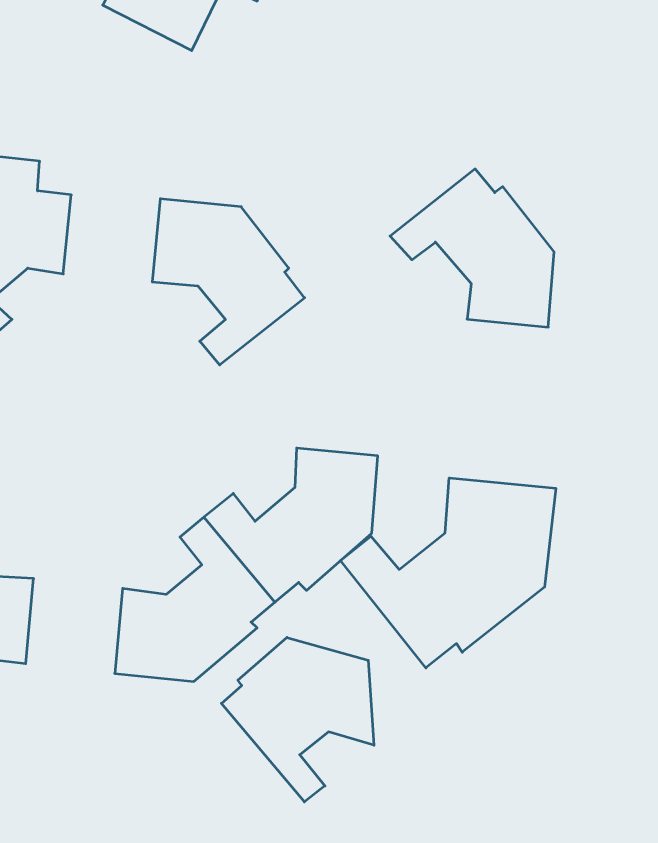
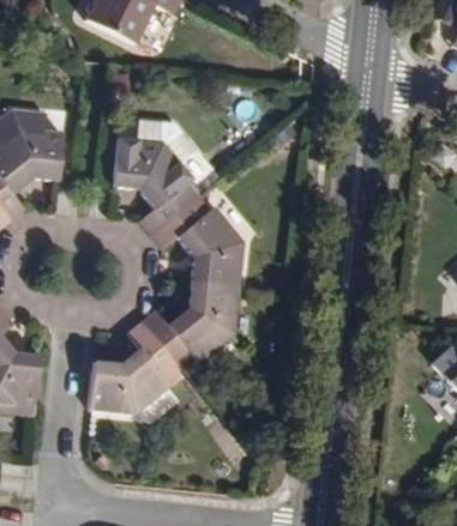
building: [390,169,554,327] -> [150,193,249,289]
building: [340,478,556,668] -> none
building: [221,637,374,802] -> none

